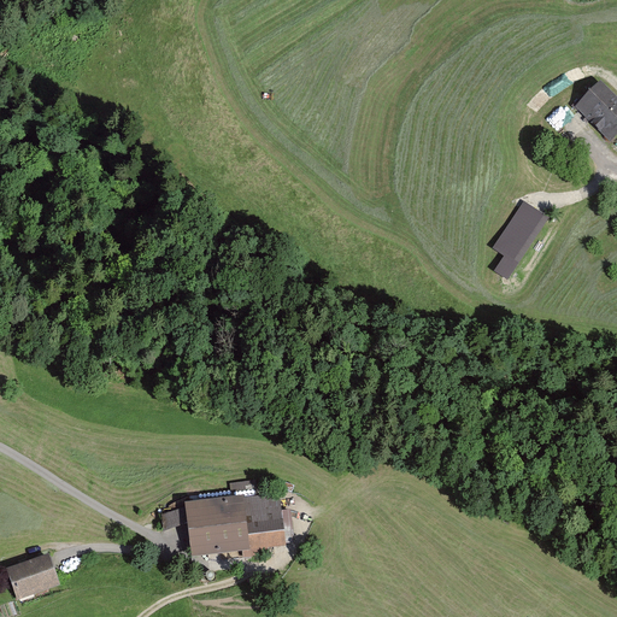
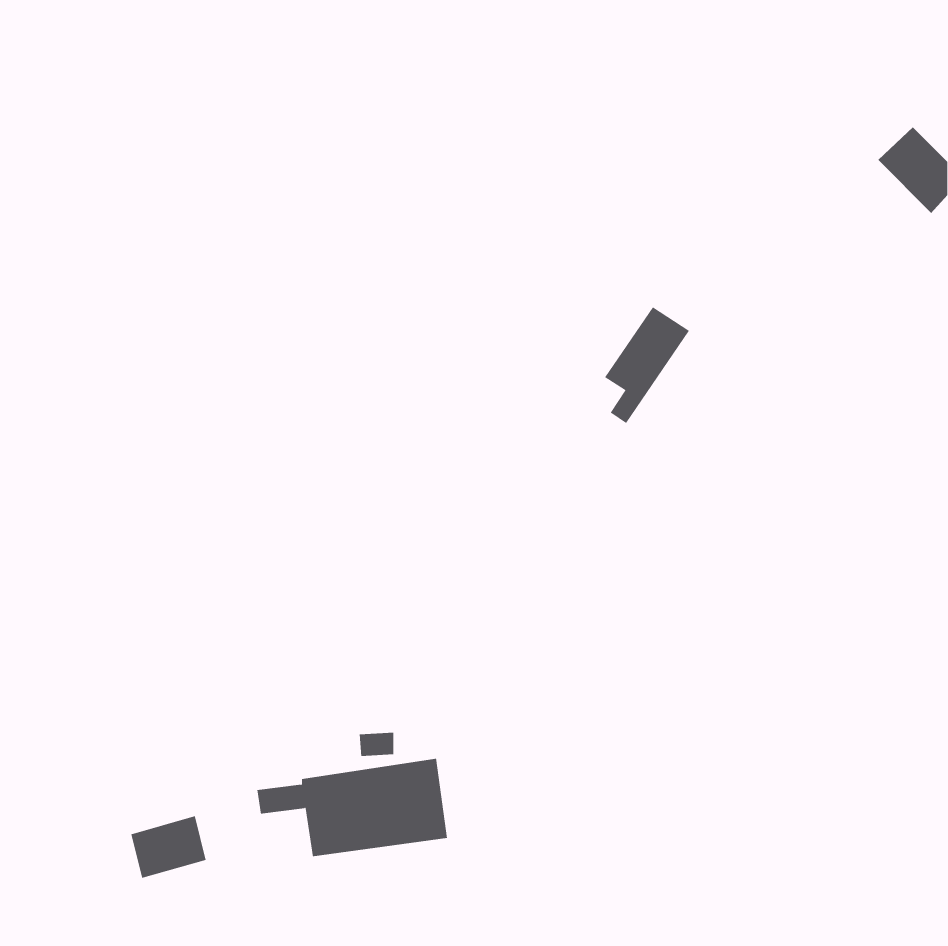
building: [492,200,547,276] -> [604,307,690,424]
building: [13,557,63,598] -> [130,815,207,879]

